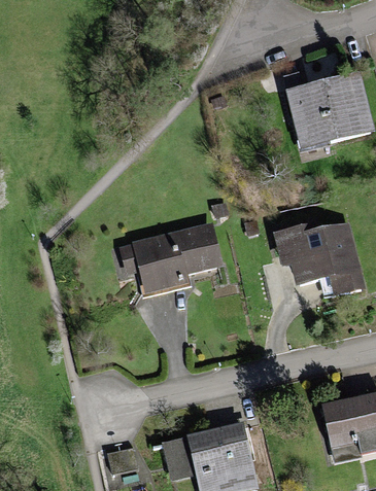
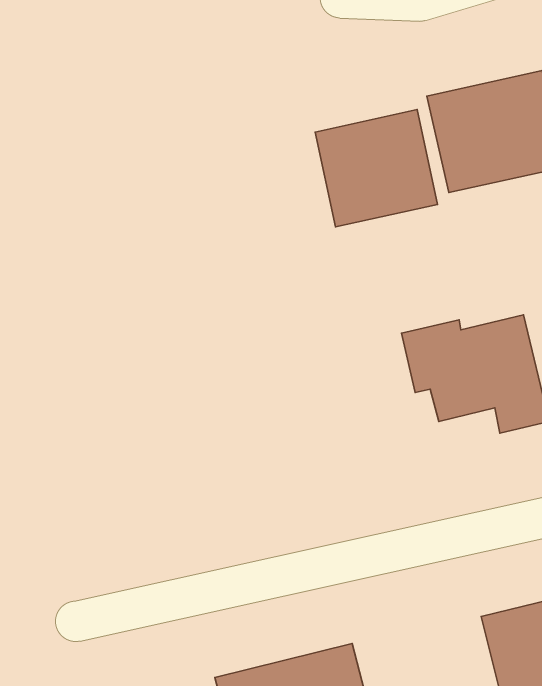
building: none -> [315,110,438,227]
building: [129,222,221,297] -> none

